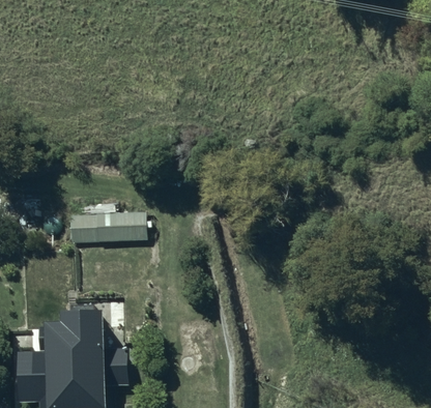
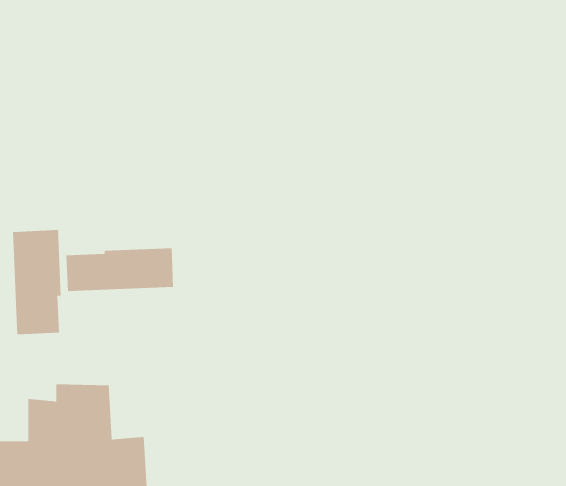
building: none -> [12,229,61,335]

